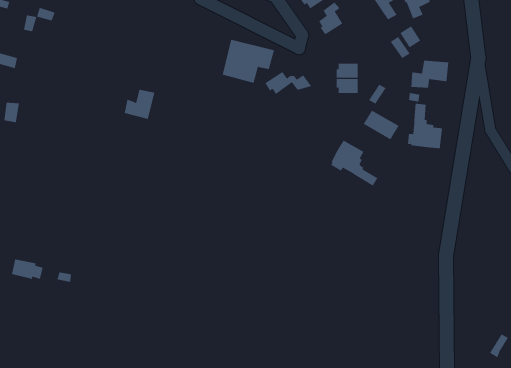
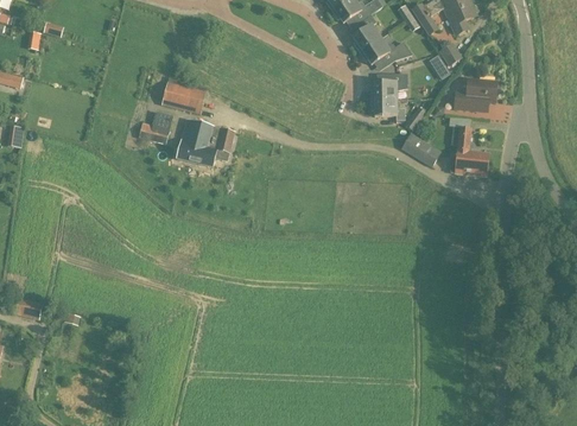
building: [222,39,275,84] -> [176,119,234,167]
building: none -> [160,78,205,114]
building: [265,71,312,95] -> [359,38,411,64]
building: [330,140,378,187] -> none

